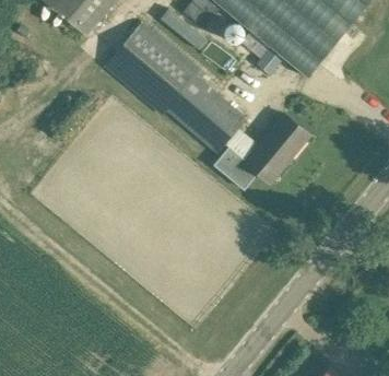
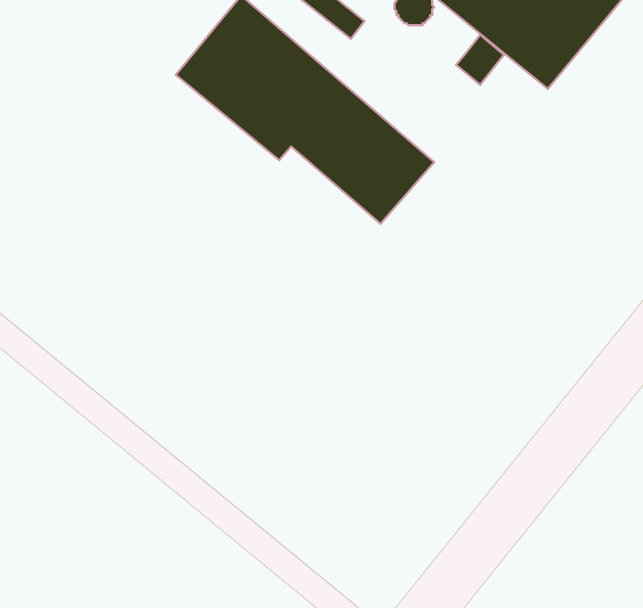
building: [214,115,310,189] -> none

